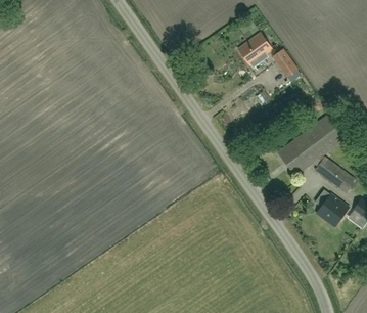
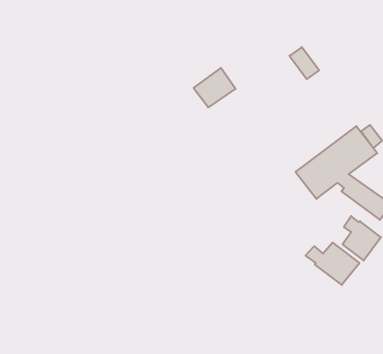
building: [237,33,272,65] -> [194,68,236,107]
building: none -> [306,243,359,285]

